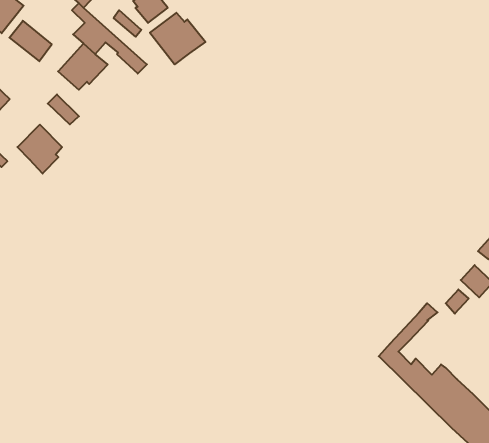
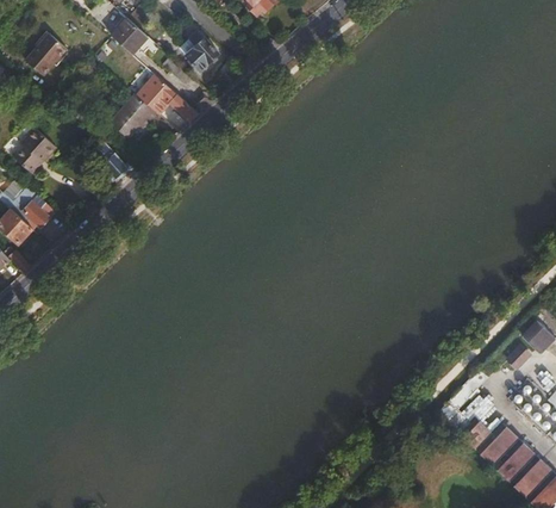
building: [150,13,205,64] -> none
building: [9,21,52,61] -> none
building: [17,125,62,174] -> none

